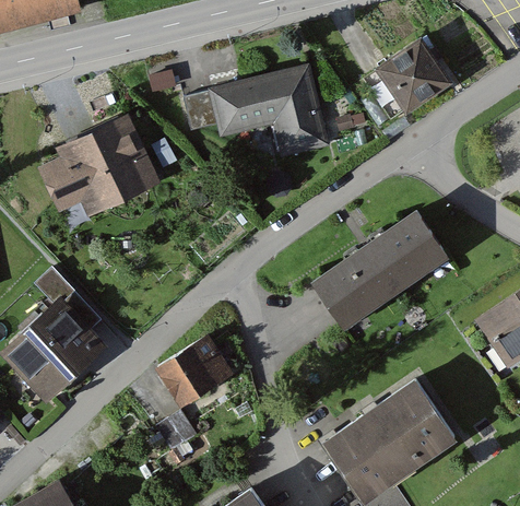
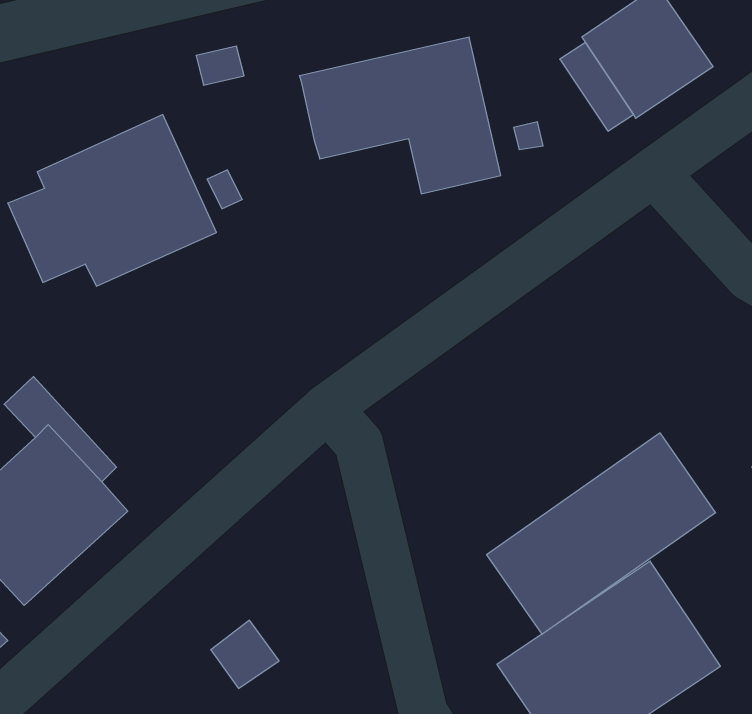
building: [185,93,218,133] -> none
building: [312,209,448,328] -> [487,433,716,634]
building: [157,336,231,403] -> none

